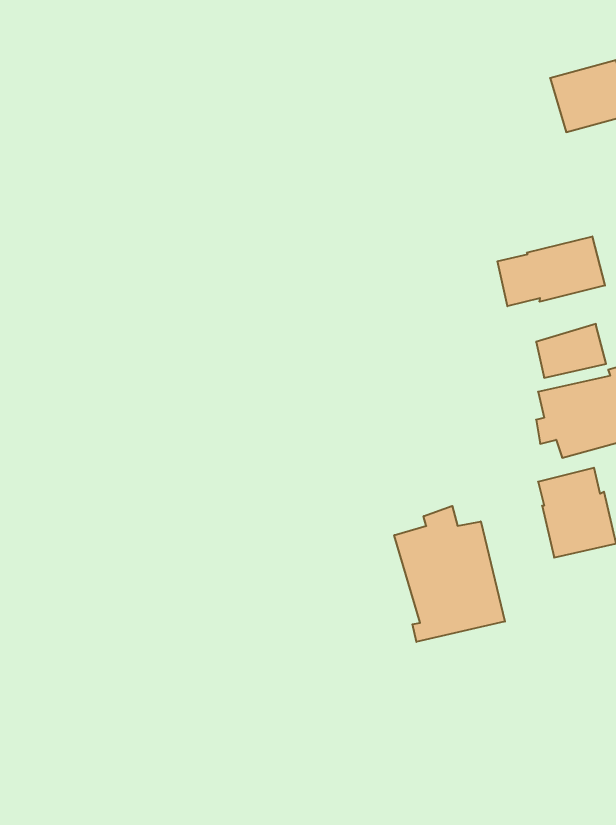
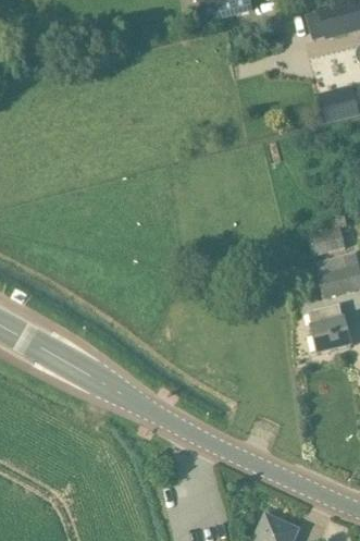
building: [497,236,605,306] -> none
building: [394,506,505,642] -> none

